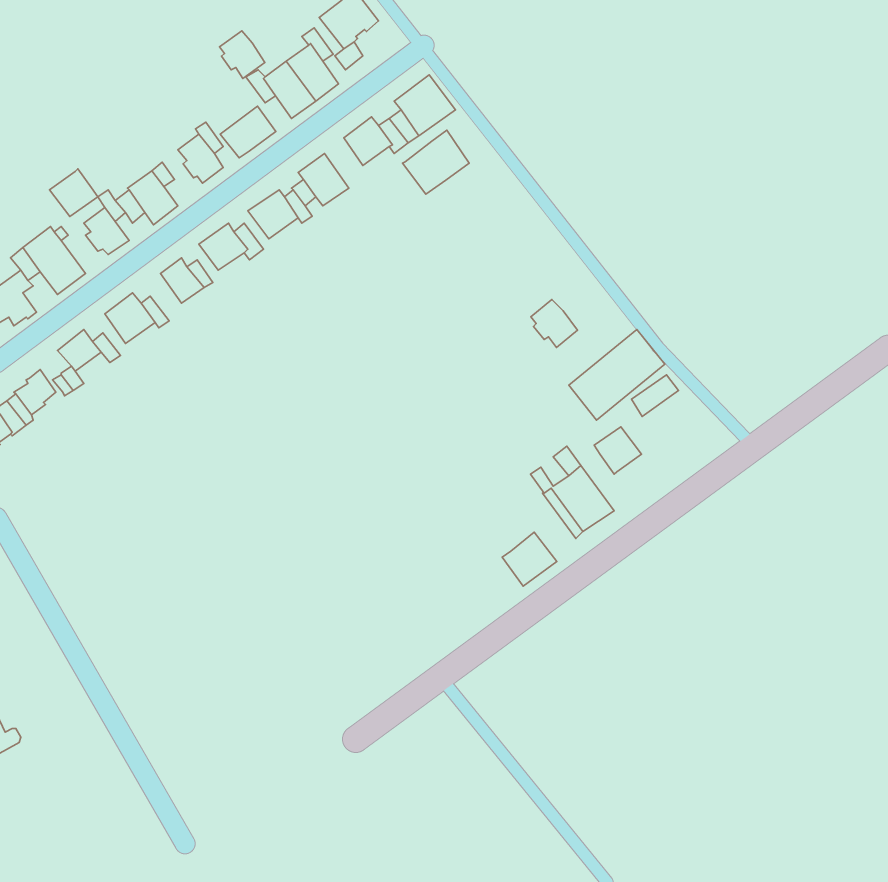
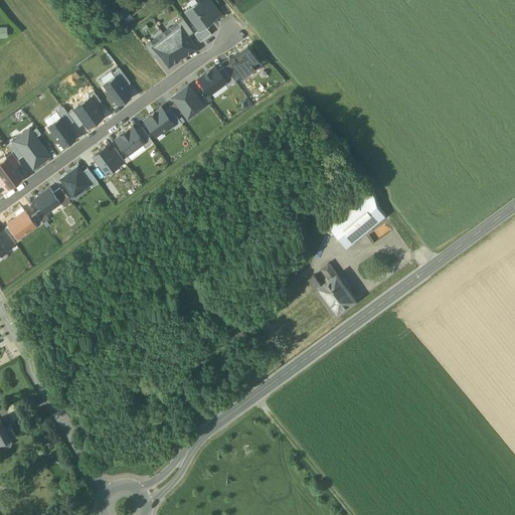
building: [220,31,265,78] -> none
building: [220,106,276,158] -> none
building: [403,130,469,194] -> none
building: [49,169,98,217] -> none
building: [531,299,578,347] -> none
building: [594,427,642,474] -> none
building: [502,532,557,586] -> none

